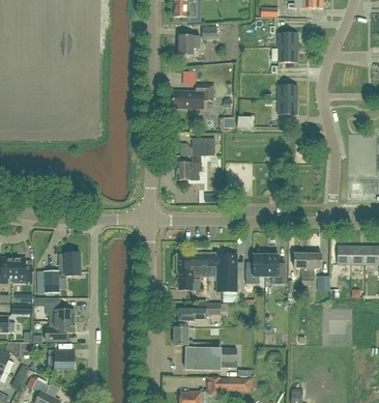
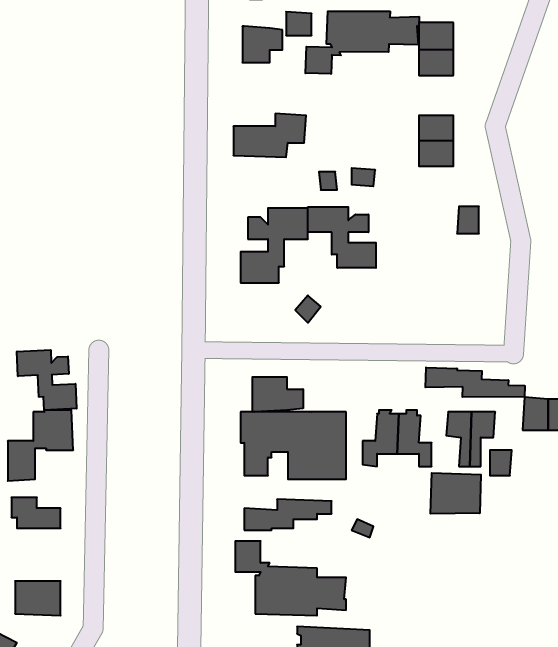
building: none -> [305,11,419,74]
building: none -> [308,207,376,268]
building: none -> [17,350,77,410]
building: none -> [425,367,525,397]
building: none -> [252,377,303,412]
building: none -> [430,473,481,514]
building: [46,320,74,340] -> none

